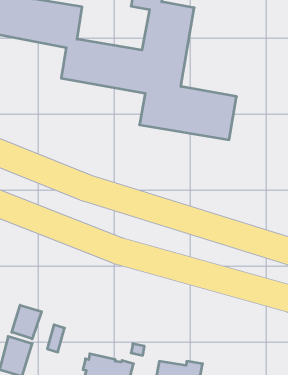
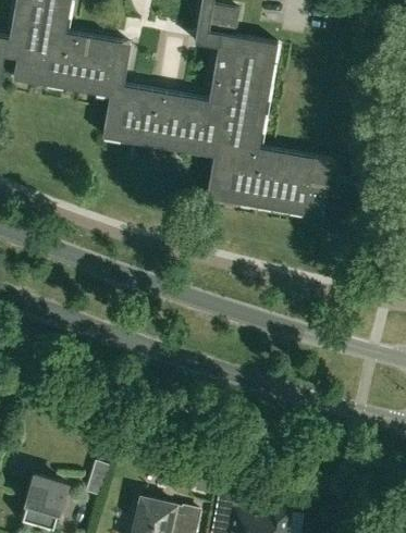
building: [12,305,42,339] -> none

